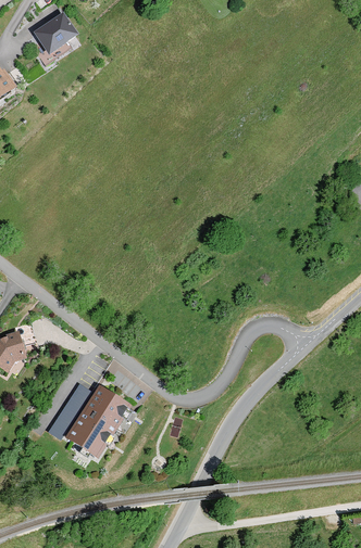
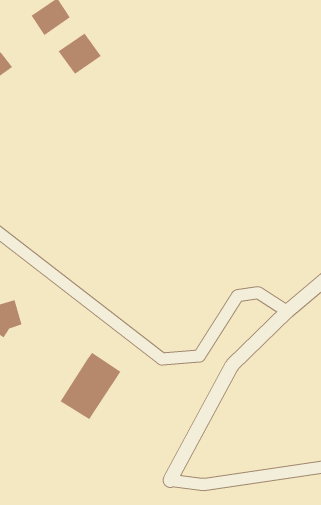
building: none -> [58,32,102,75]
building: [49,384,94,438] -> none

